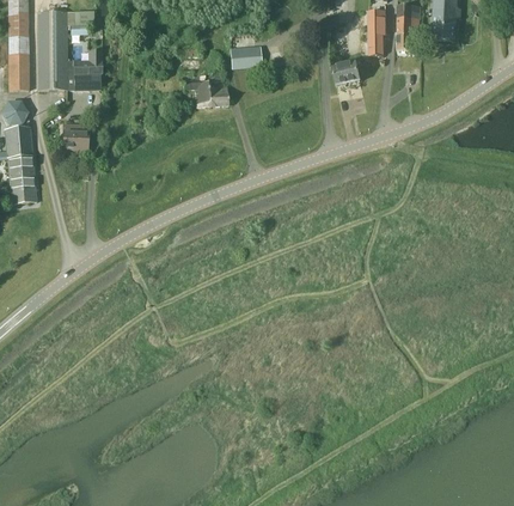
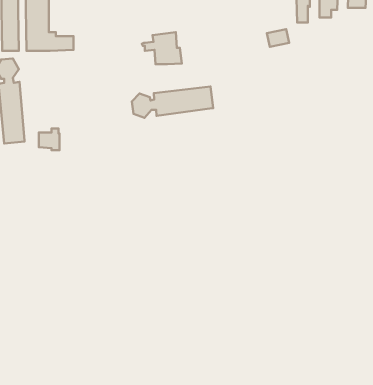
building: [231,45,261,67] -> none
building: [62,124,87,151] -> [39,129,59,150]
building: none -> [132,86,213,118]

